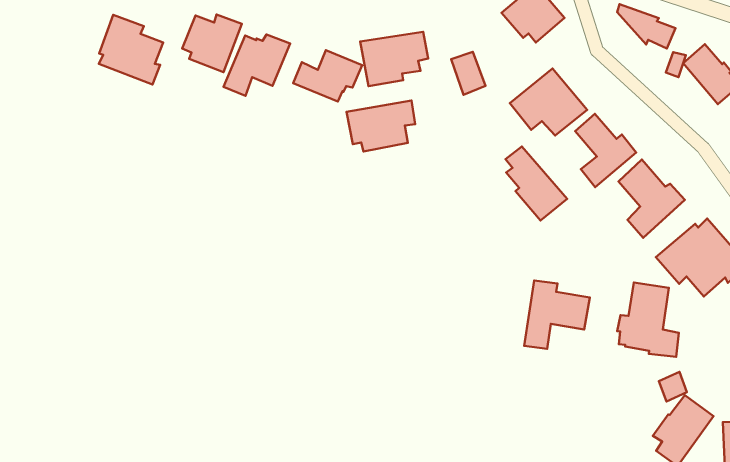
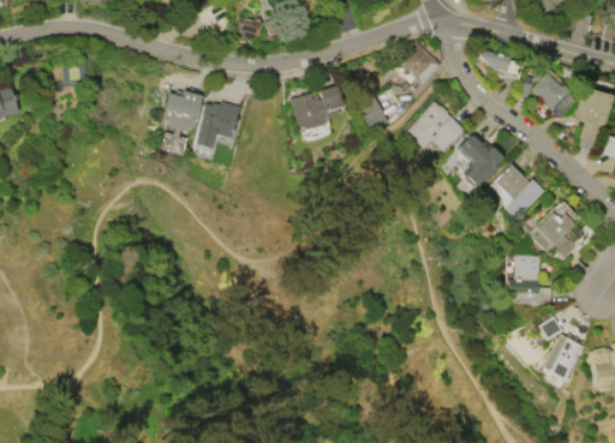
building: [99,15,163,84] -> none
building: [293,50,362,101] -> none
building: [346,101,415,151] -> none
building: [505,146,567,221] -> none
building: [524,280,590,349] -> none

